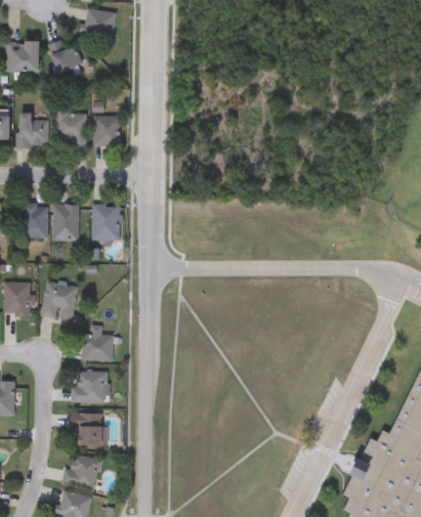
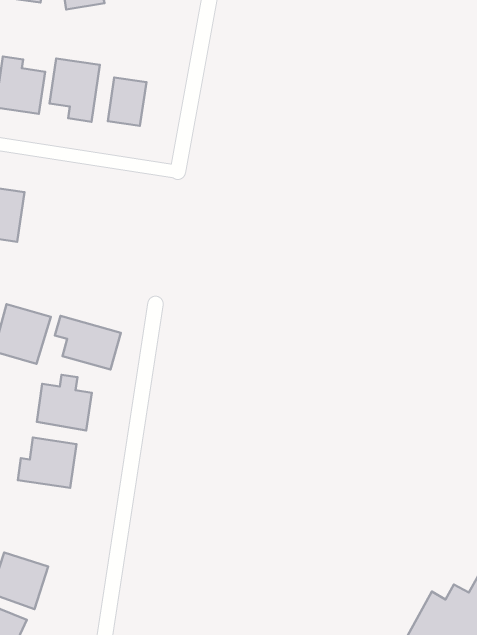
building: [53,204,79,242] -> none
building: [92,205,120,240] -> none
building: none -> [55,316,121,370]
building: [70,414,107,445] -> none

